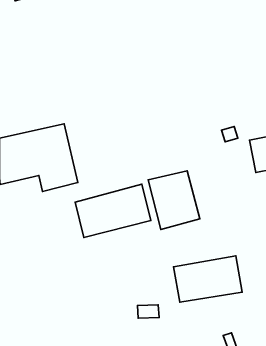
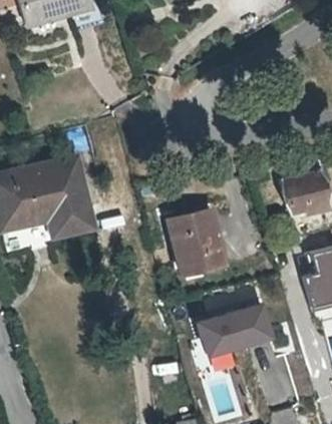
building: [75,184,151,238] -> none

